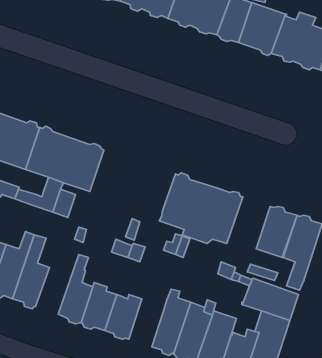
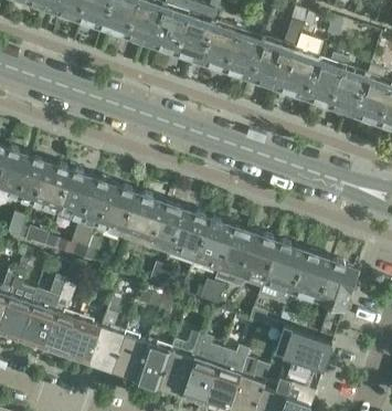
building: none -> [119,194,206,262]
building: none -> [257,242,303,303]
building: none -> [64,314,99,361]
building: none -> [159,346,194,394]

